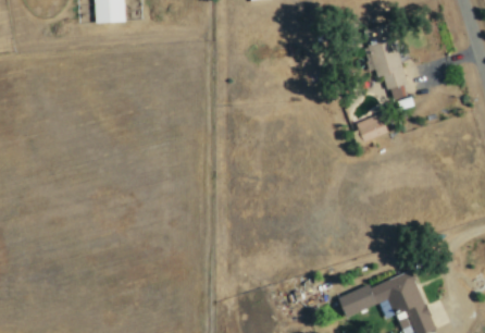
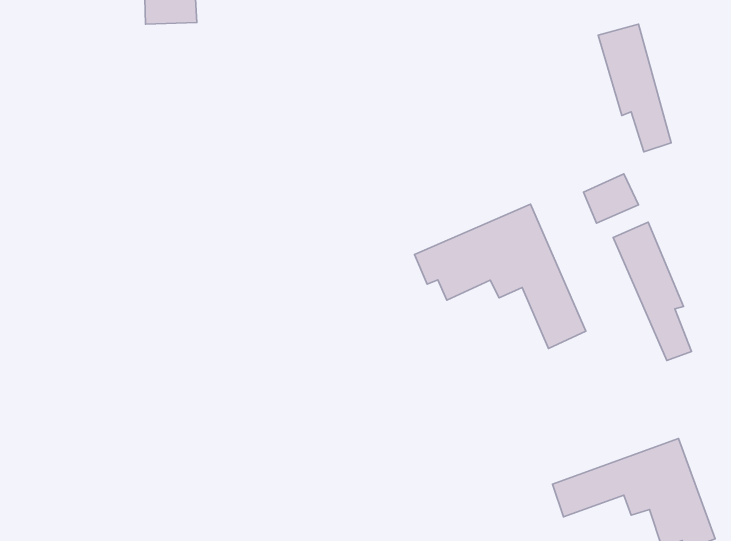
building: none -> [415,204,586,348]
building: none -> [613,222,692,361]

